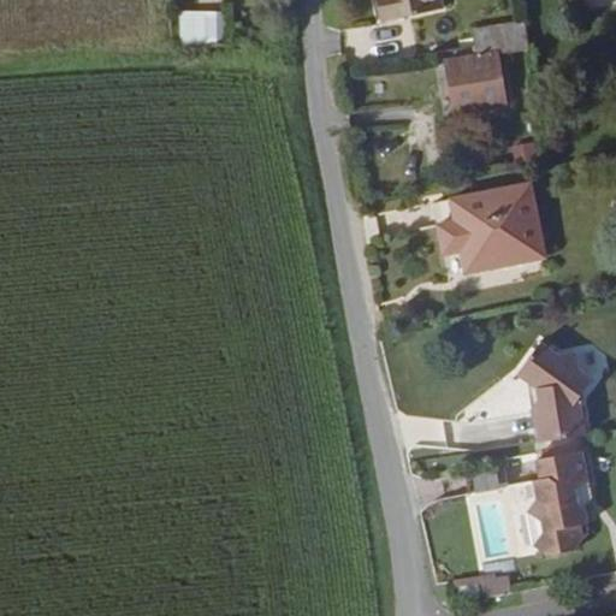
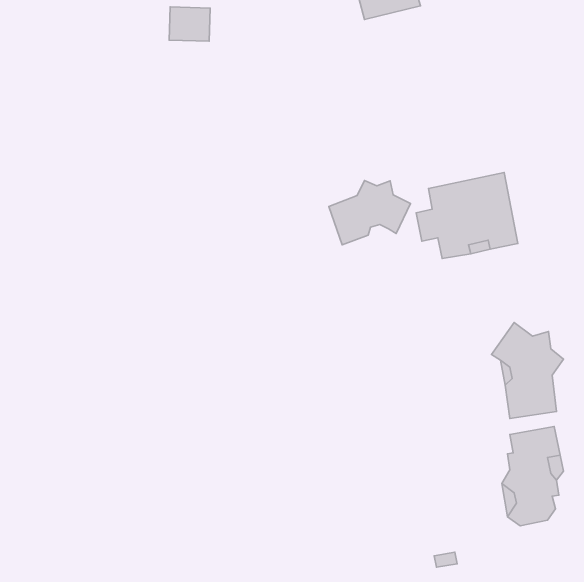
building: [445,19,528,112] -> none
building: none -> [329,180,410,245]

